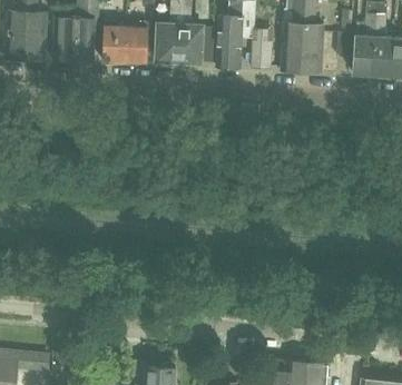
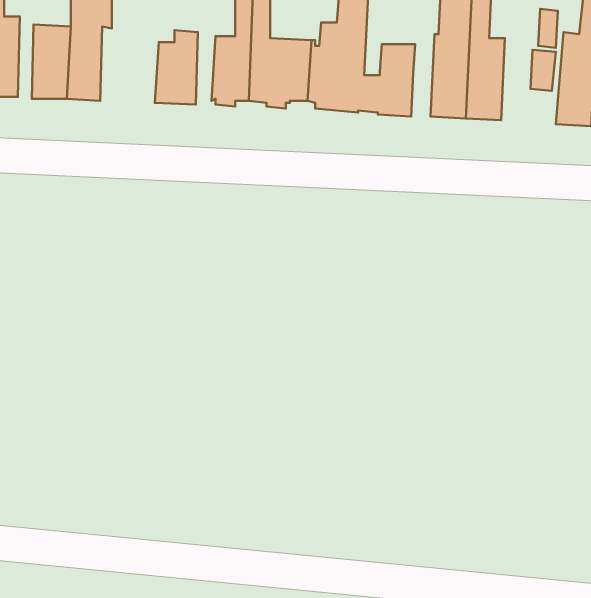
building: [100,20,125,62] -> none

